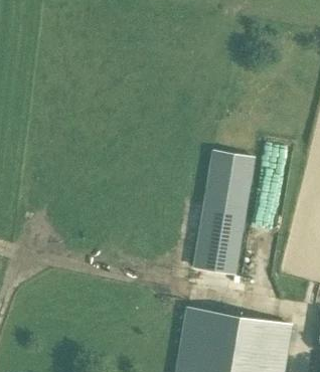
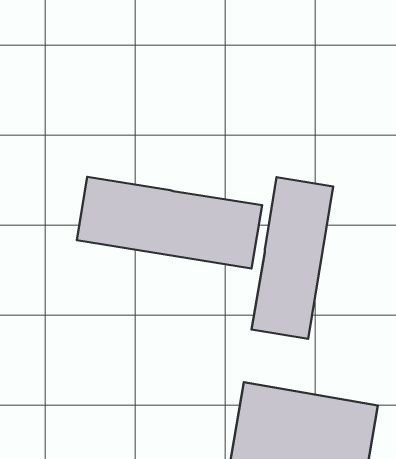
building: none -> [77,177,262,269]

